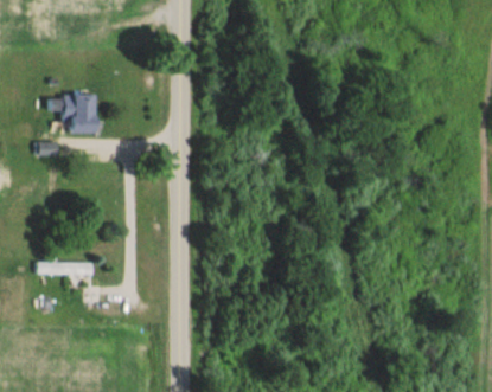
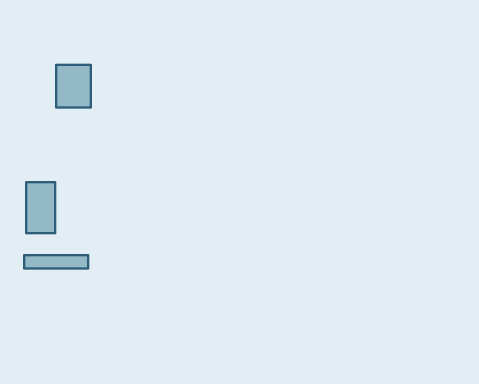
building: none -> [26,182,55,233]

